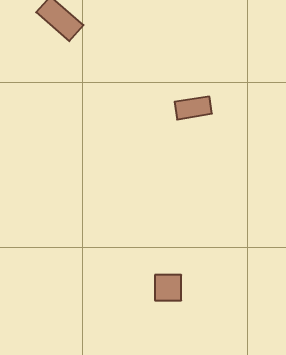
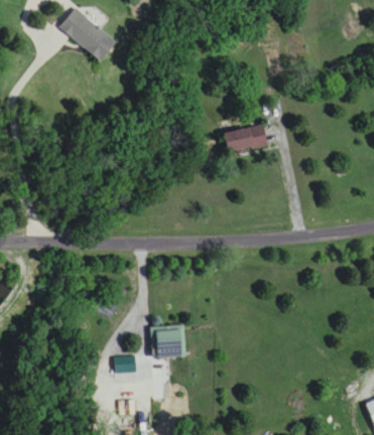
building: [155,275,181,300] -> [153,326,184,356]

